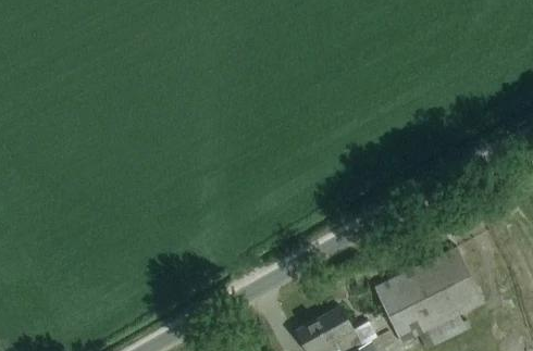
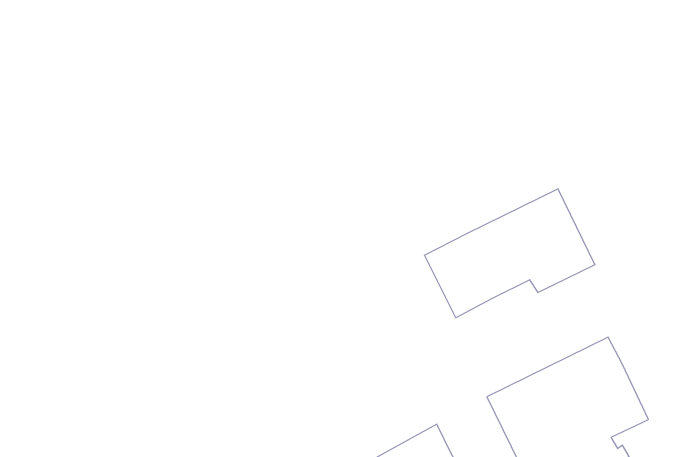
building: none -> [425,189,595,318]

